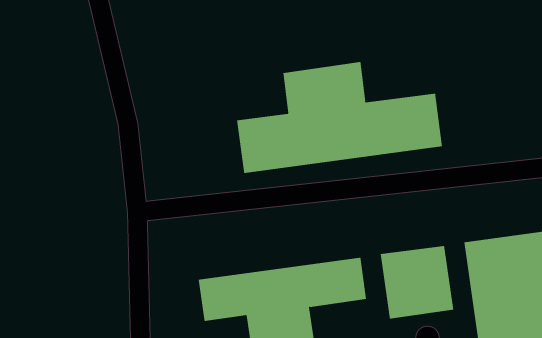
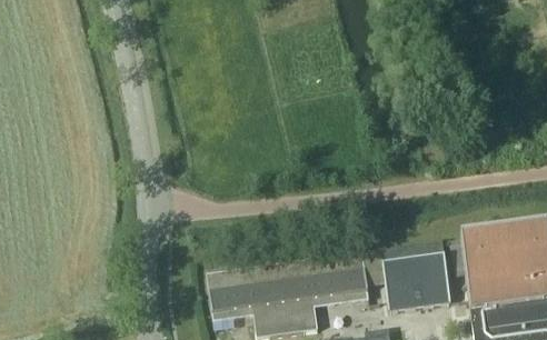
building: [237,61,443,174] -> none

